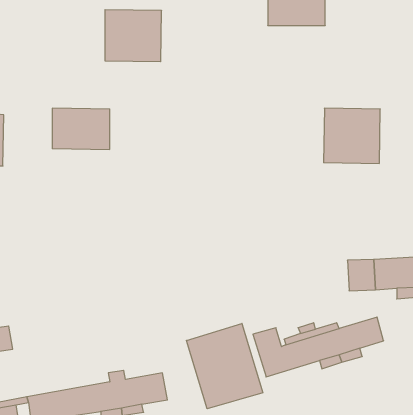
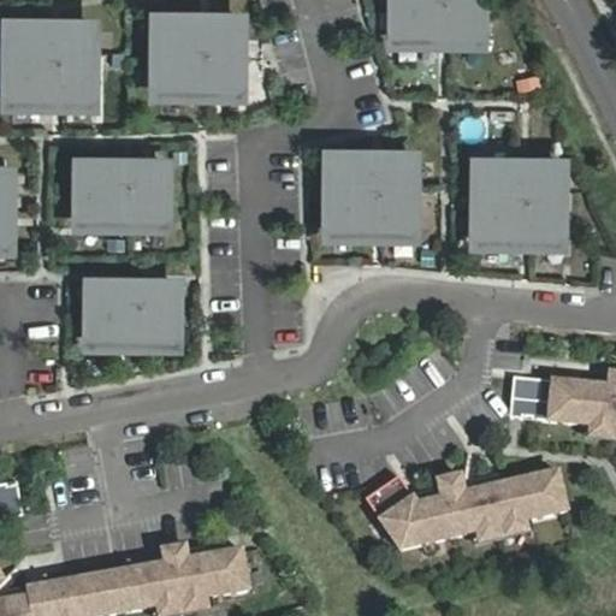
building: none -> [7,22,90,101]
building: none -> [327,153,410,232]
building: none -> [88,282,173,340]
building: [186,323,263,409] -> none

